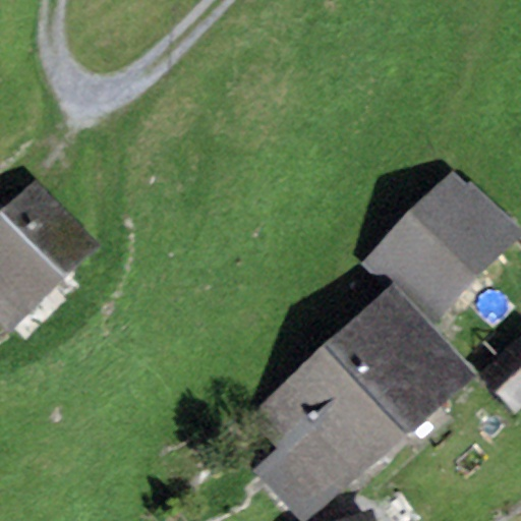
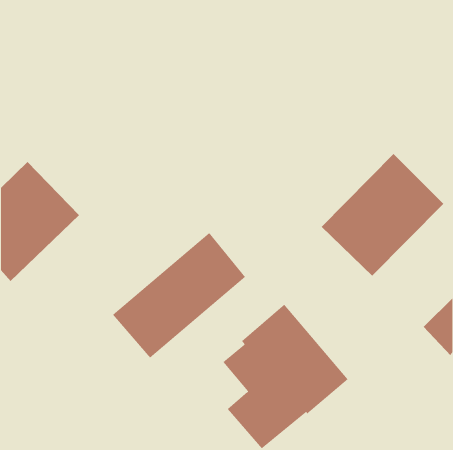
building: none -> [112,232,246,358]
building: [327,298,461,436] -> none

